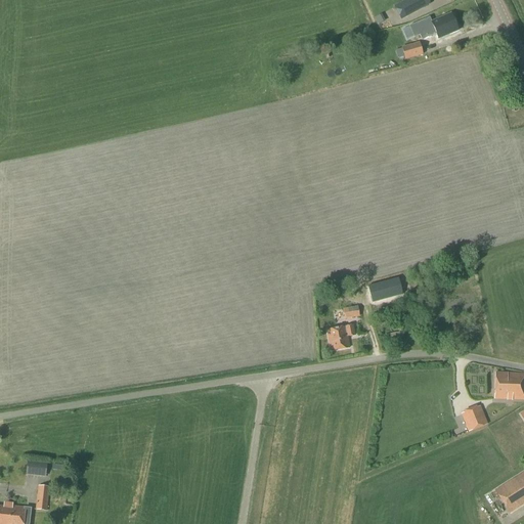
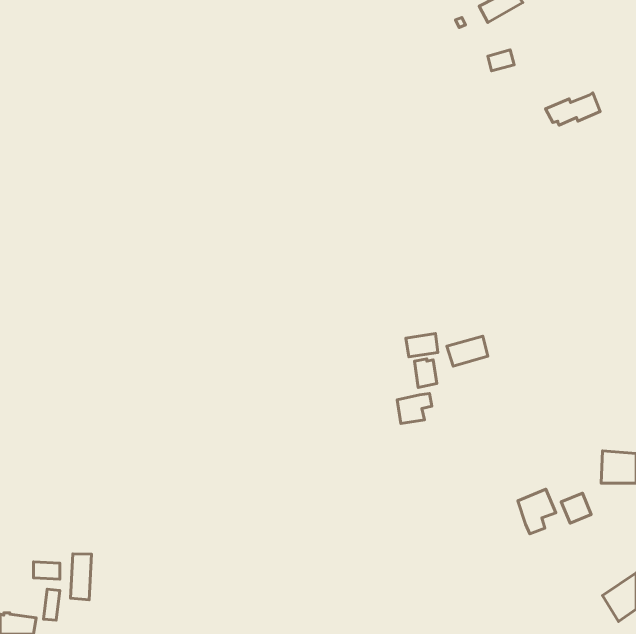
building: [410,12,455,39] -> [545,93,600,125]
building: none -> [406,334,438,357]
building: none -> [518,489,556,534]
building: none -> [70,554,91,600]

